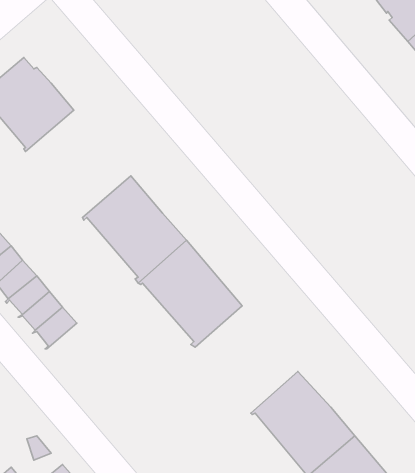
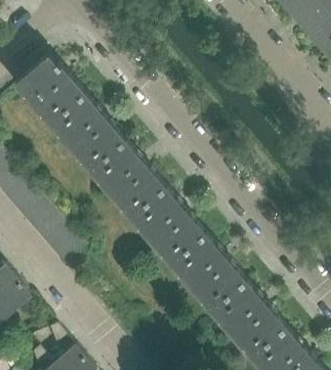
building: none -> [48,95,124,172]
building: none -> [170,235,244,312]

